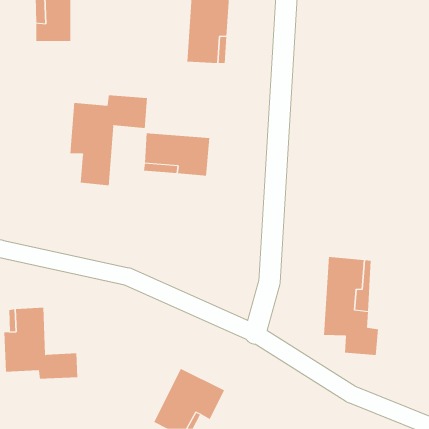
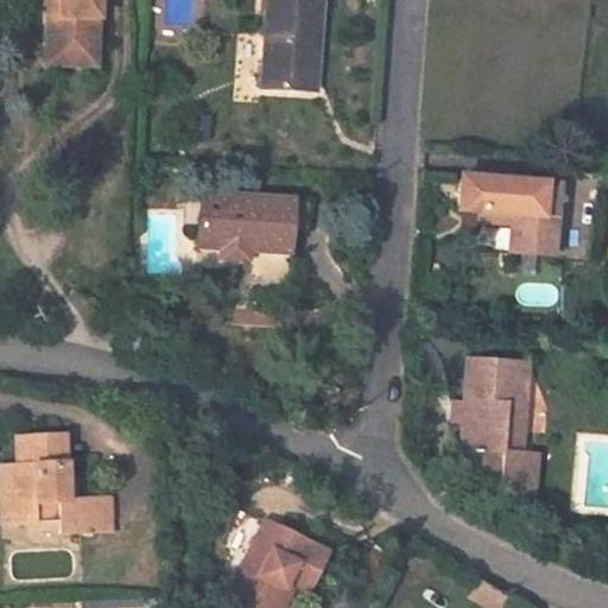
building: [70,94,148,186] -> none
building: none -> [457,175,559,253]

